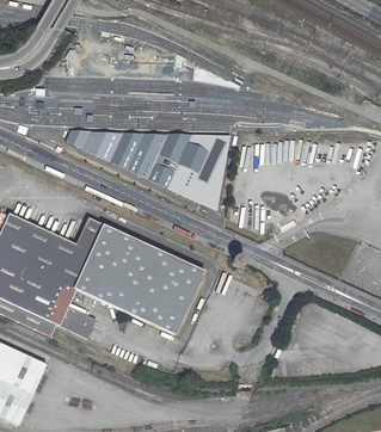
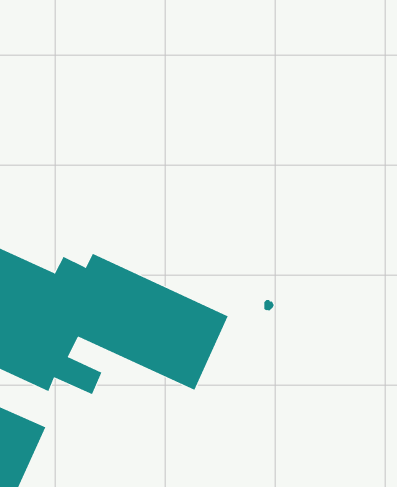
building: [62,130,228,214] -> none

